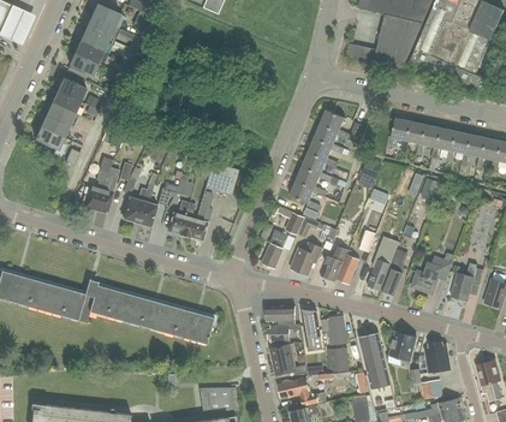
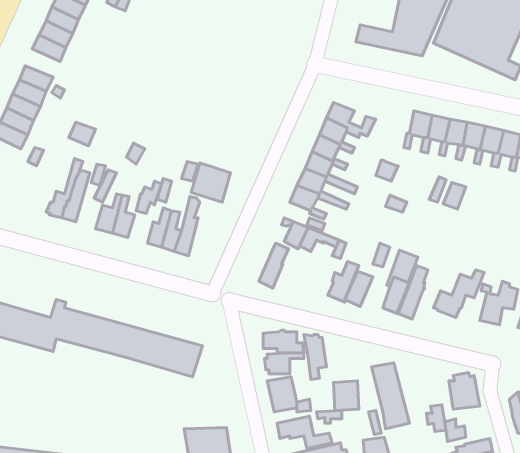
building: [290,242,322,274] -> none
building: [321,315,347,345] -> none
building: [389,332,416,363] -> none

